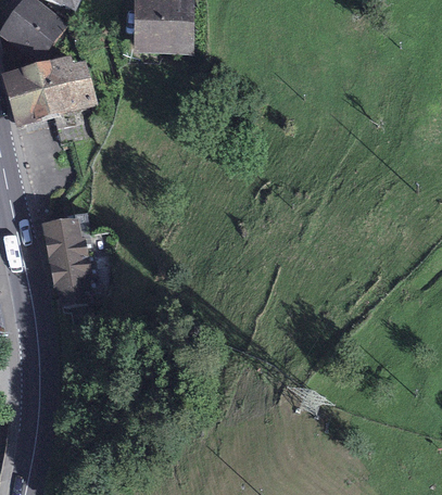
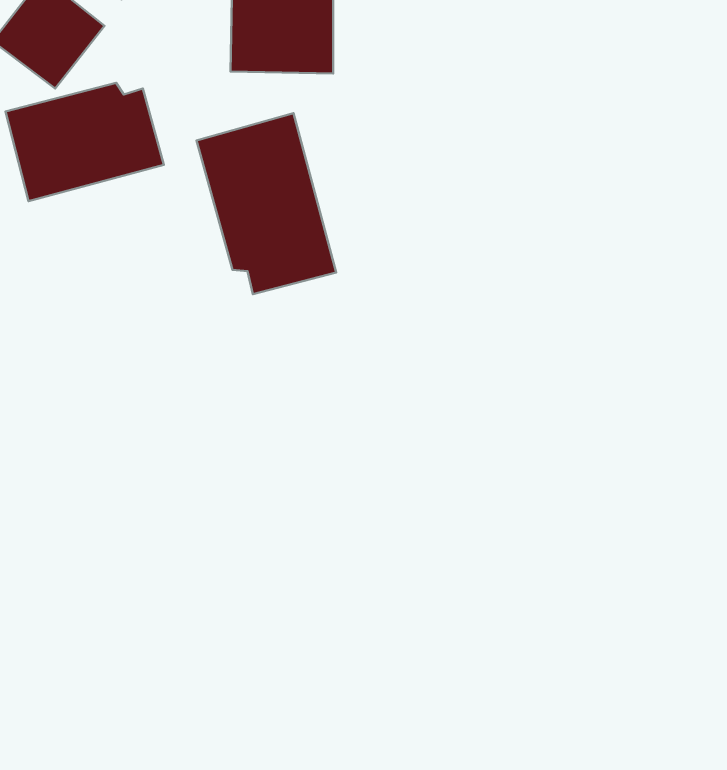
building: none -> [197,113,336,294]
building: [42,218,92,300] -> none

